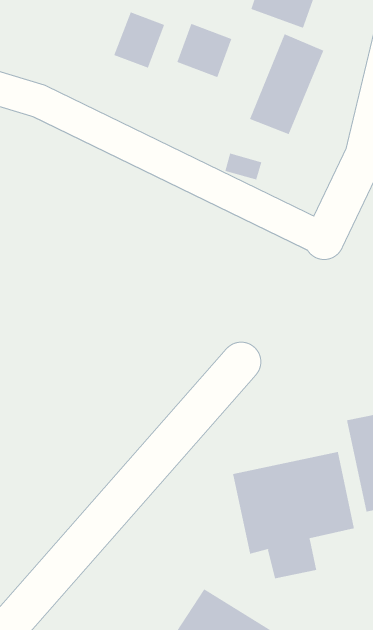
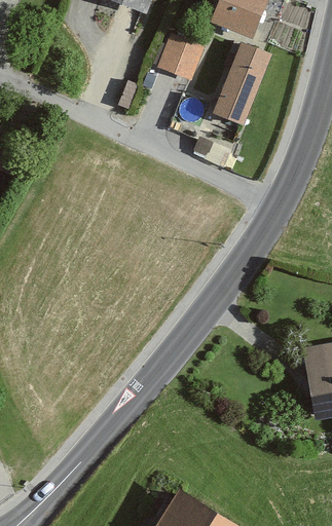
building: [114,11,165,69] -> none
building: [232,451,355,579] -> none

